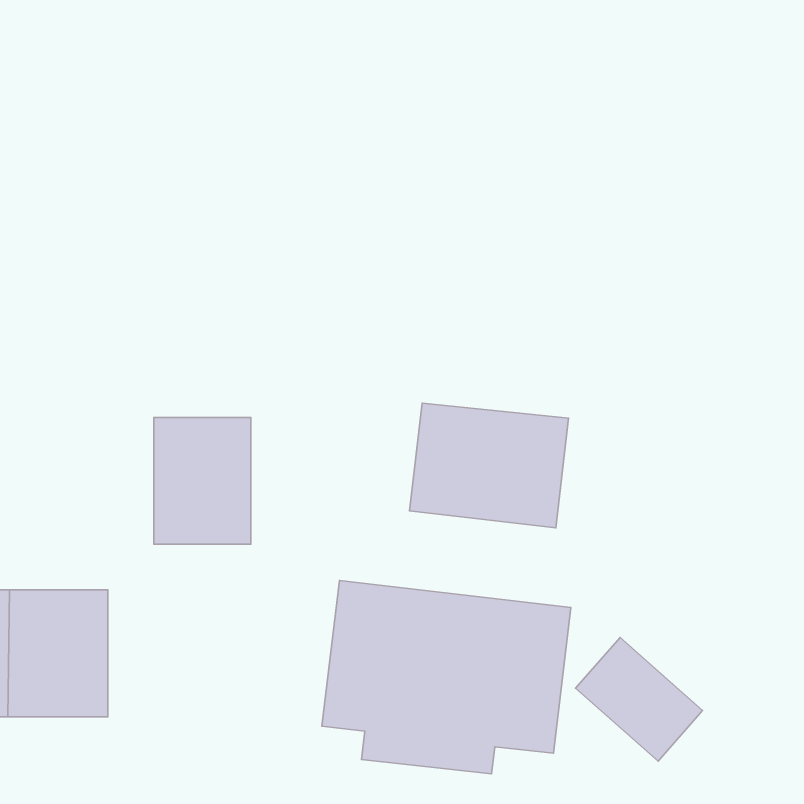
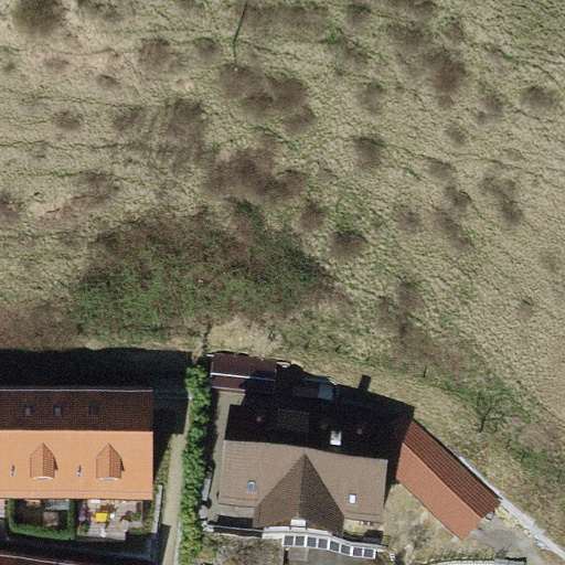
building: [410,403,568,528] -> none
building: [154,417,251,544] -> [75,411,142,499]

